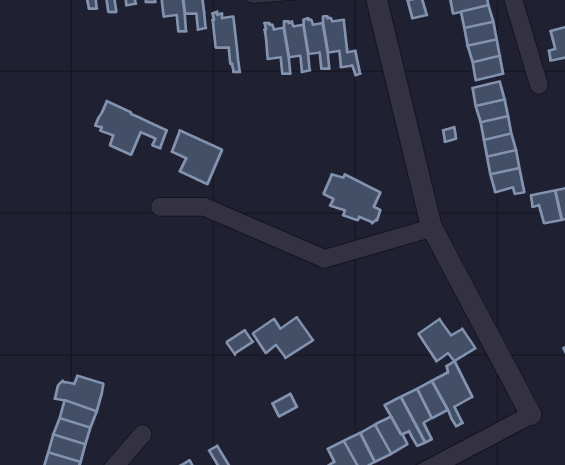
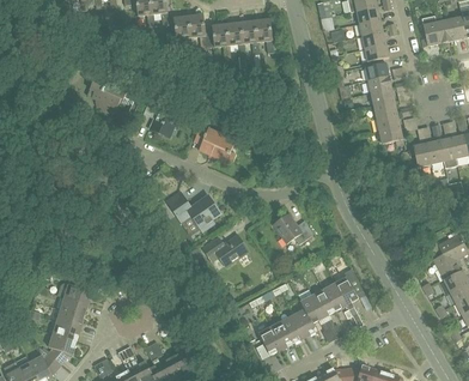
building: none -> [187,10,213,47]
building: [324,174,380,223] -> [193,128,234,164]
building: none -> [164,189,218,231]
building: [419,319,475,361] -> [272,213,313,244]

